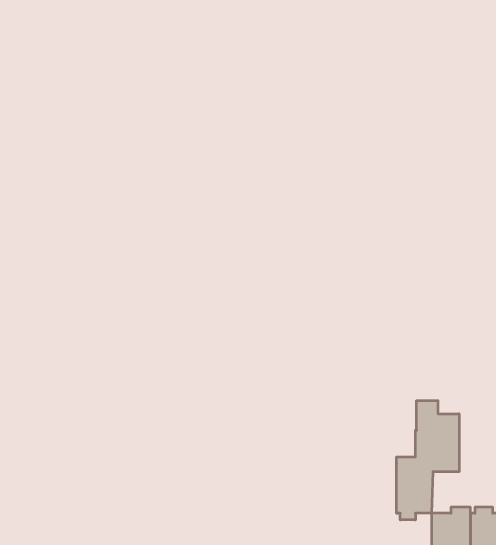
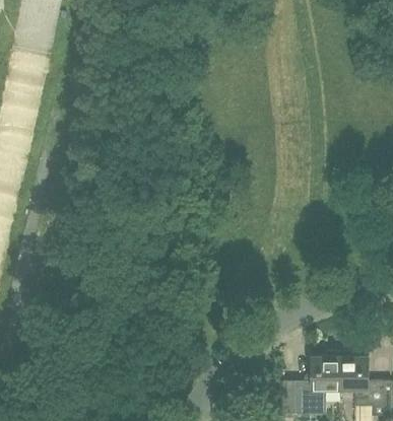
building: [397,401,459,520] -> none

